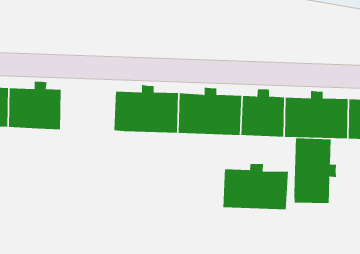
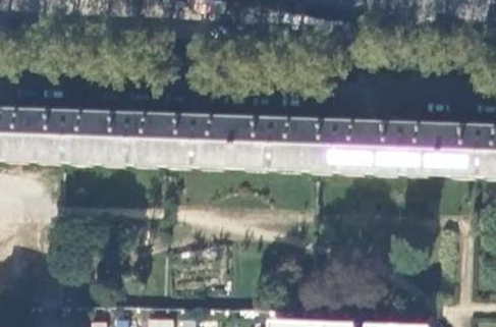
building: none -> [96,106,162,164]
building: [294,138,336,204] -> none
building: [223,163,288,210] -> none

